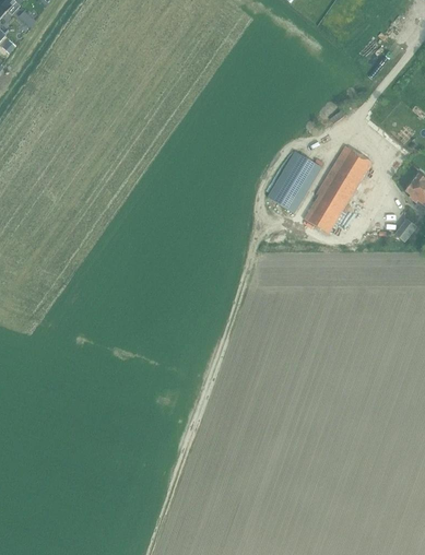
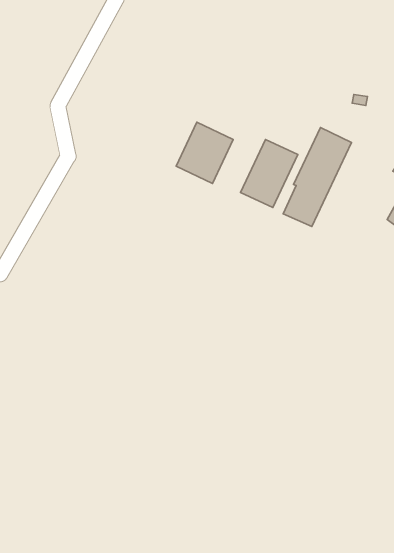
building: none -> [176,122,233,184]

